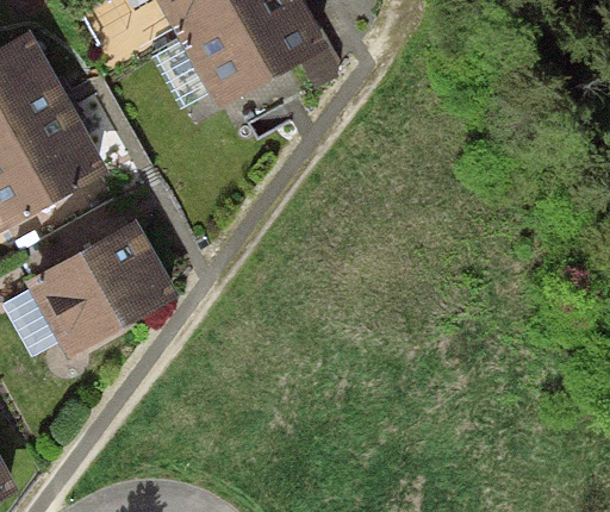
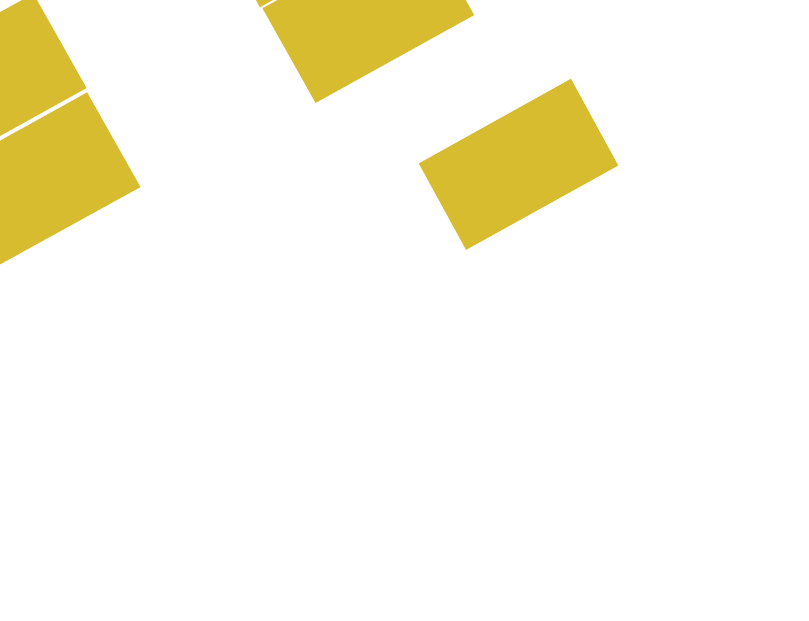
building: none -> [418,78,619,251]
building: [25,226,172,352] -> none

